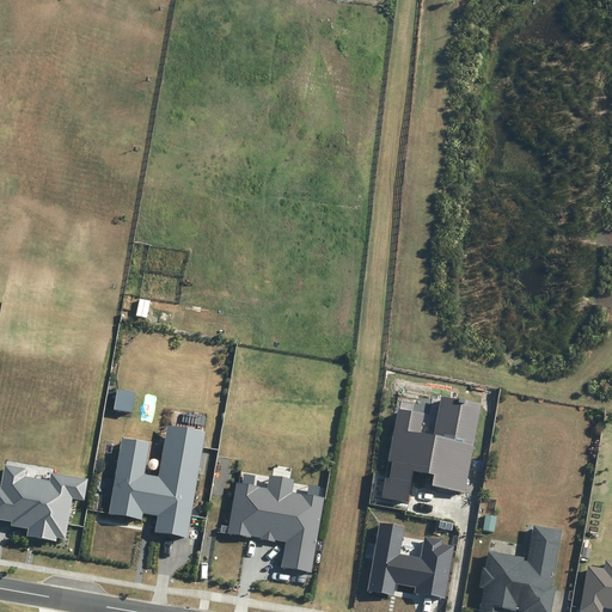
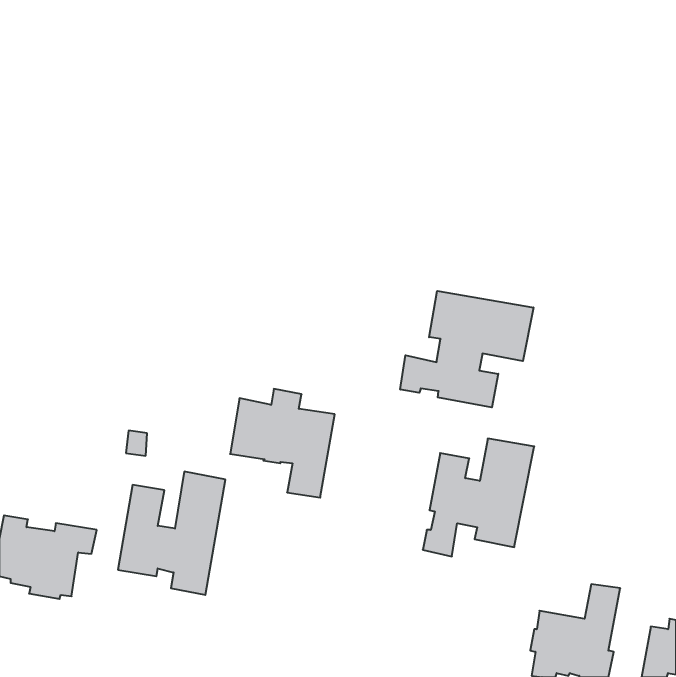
building: none -> [400,291,533,407]
building: [228,475,323,573] -> [230,389,335,498]
building: [367,522,453,599] -> none

